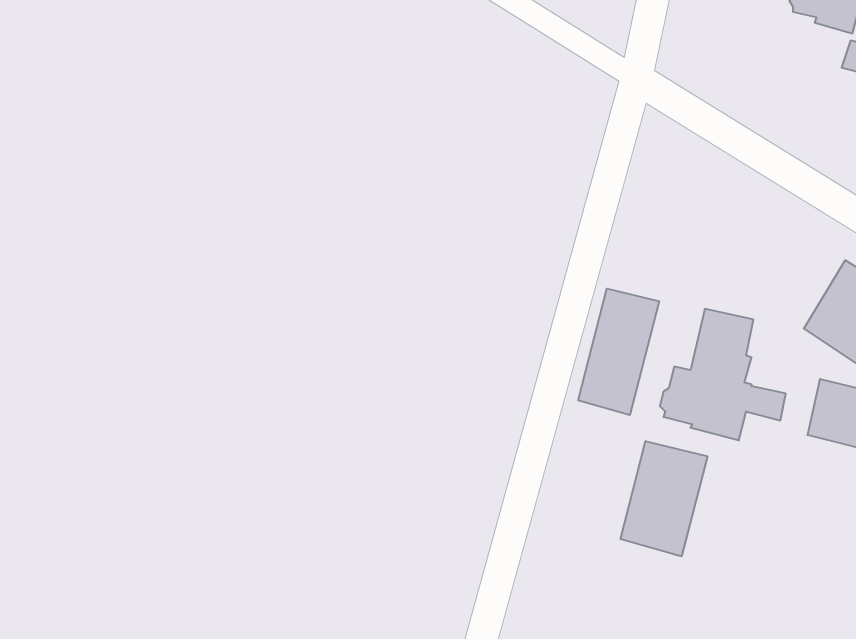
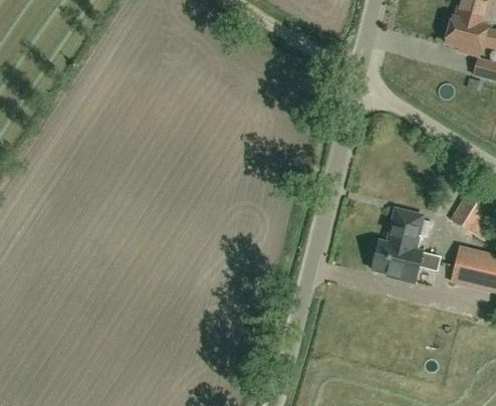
building: [578,289,659,415] -> none
building: [621,441,707,556] -> none

